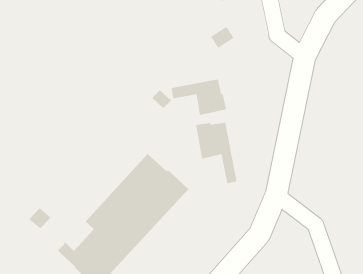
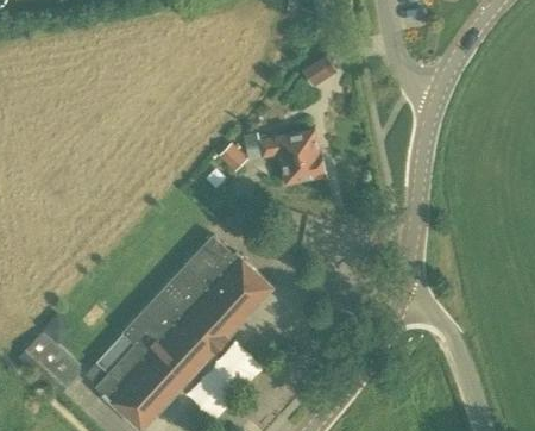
building: [196,122,237,184] -> none
building: none -> [18,335,81,396]

